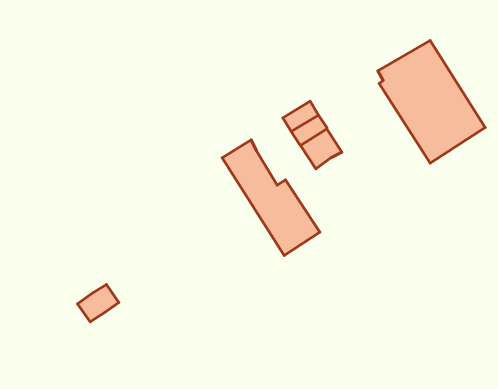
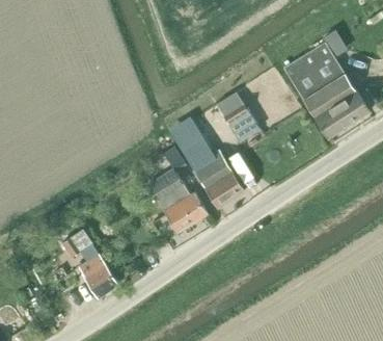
building: none -> [148,145,207,232]
building: none -> [78,254,117,296]

